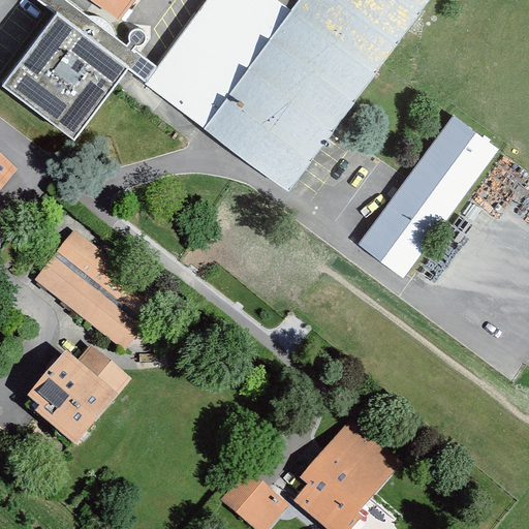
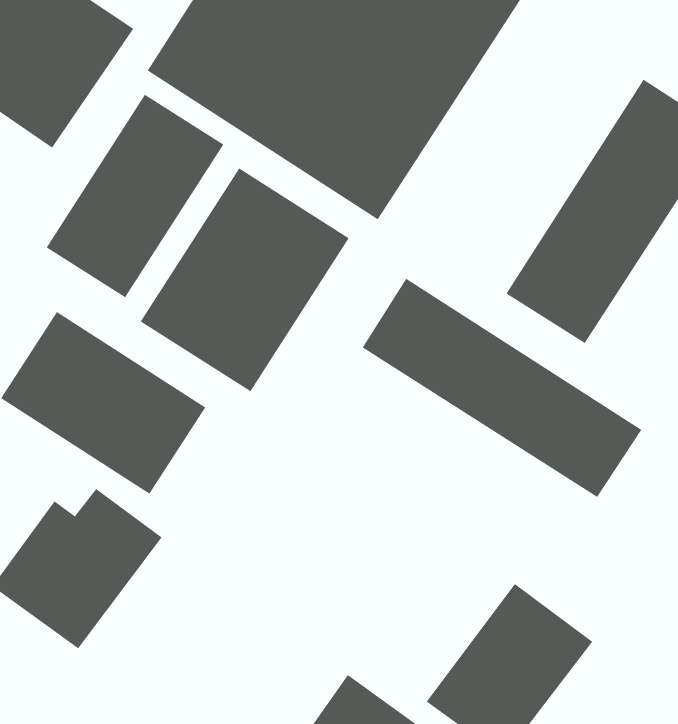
building: none -> [46,94,224,298]
building: none -> [140,167,350,392]
building: none -> [362,278,642,498]

